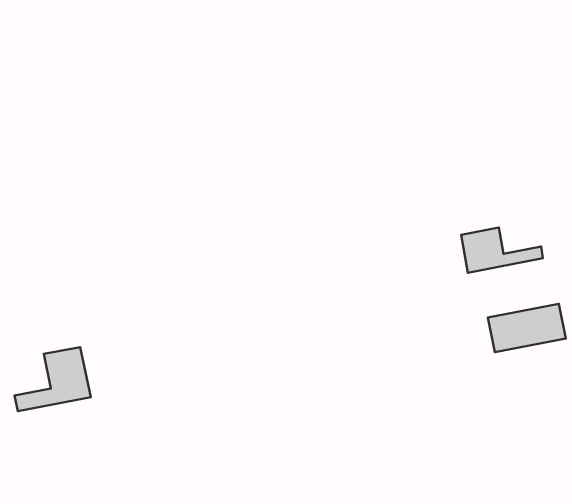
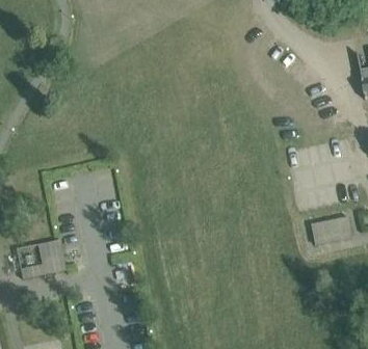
building: [461,228,543,273] -> none

